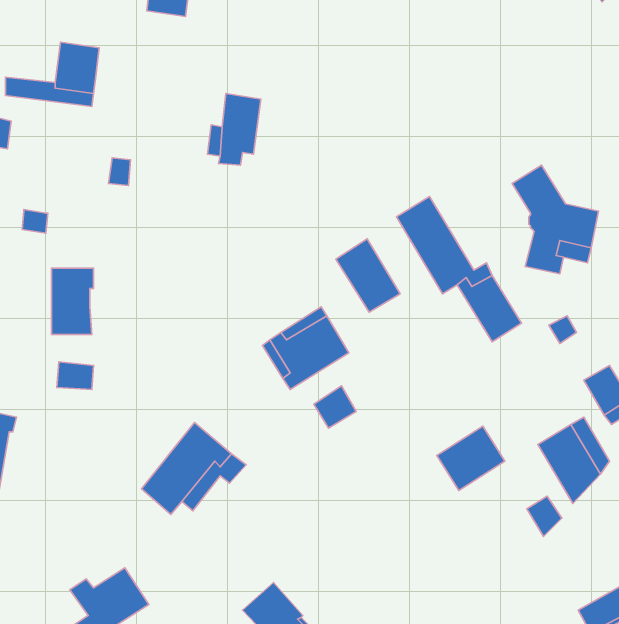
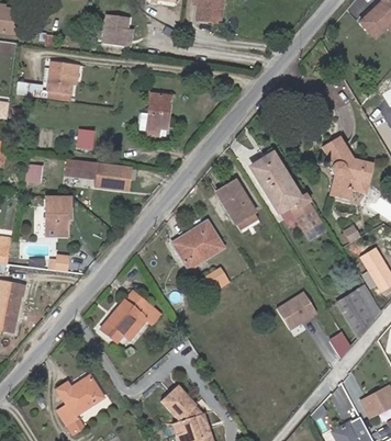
building: none -> [71,158,131,189]

